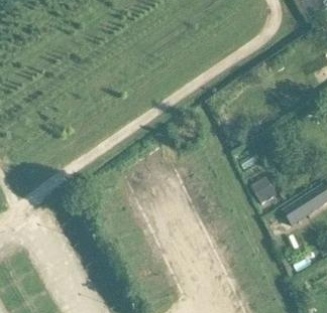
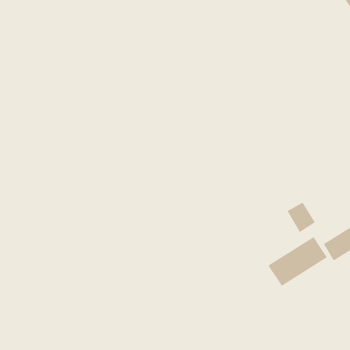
building: none -> [268,236,328,287]

